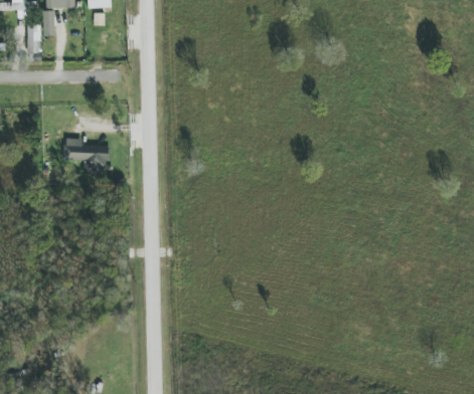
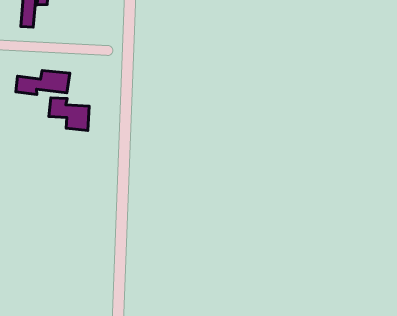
building: none -> [16,70,70,94]

